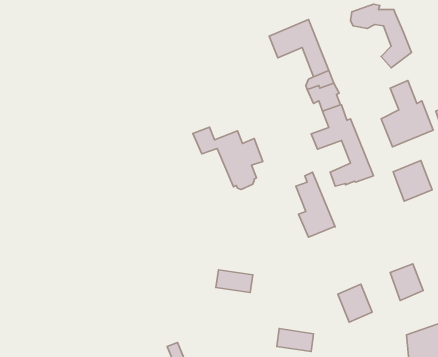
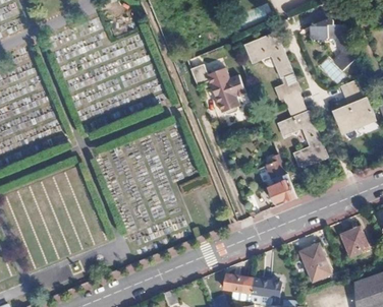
building: [193,127,263,189] -> [188,64,244,114]
building: [393,161,432,201] -> none
building: [216,270,253,293] -> [222,274,252,293]

